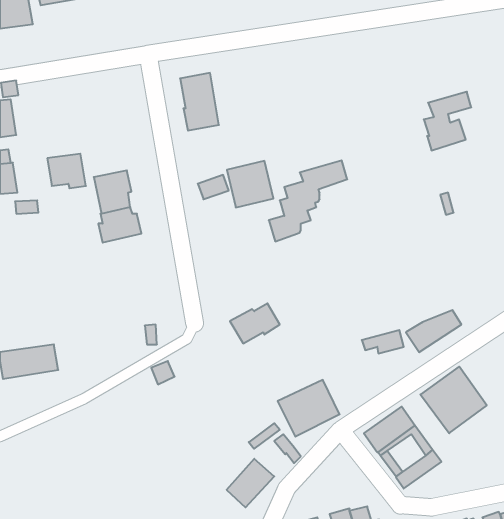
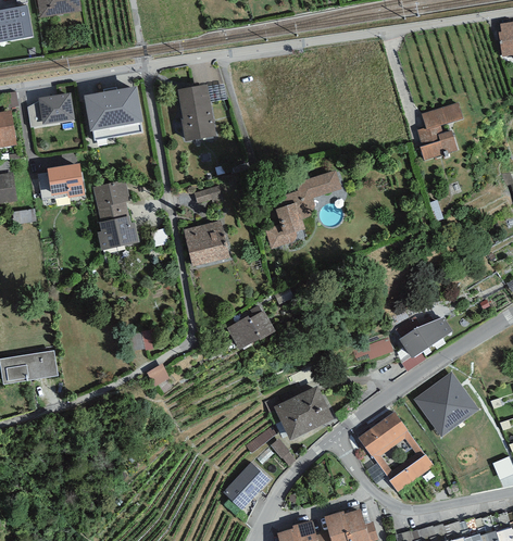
building: none -> [84,86,142,140]
building: none -> [27,92,75,127]
building: [227,161,273,207] -> [184,221,229,266]

